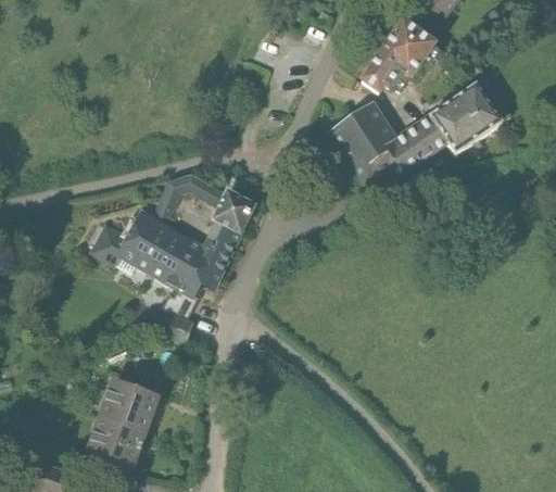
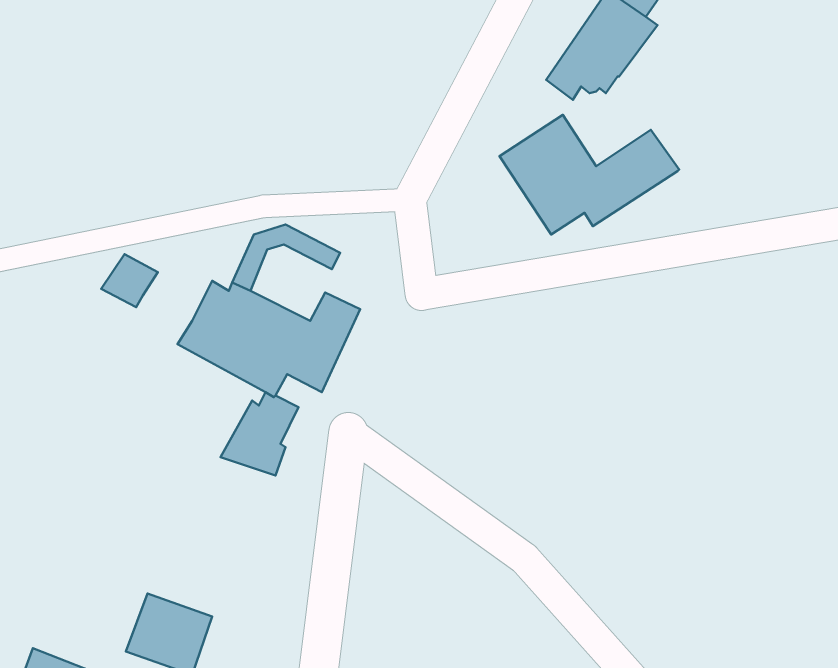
building: [430,76,510,152] -> none
building: [215,191,253,230] -> none
building: [93,226,130,261] -> [101,254,158,307]
building: [101,378,157,431] -> none

